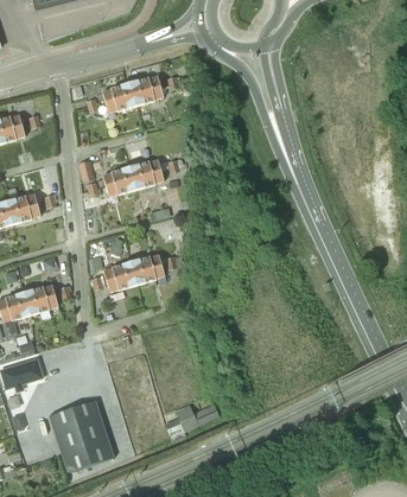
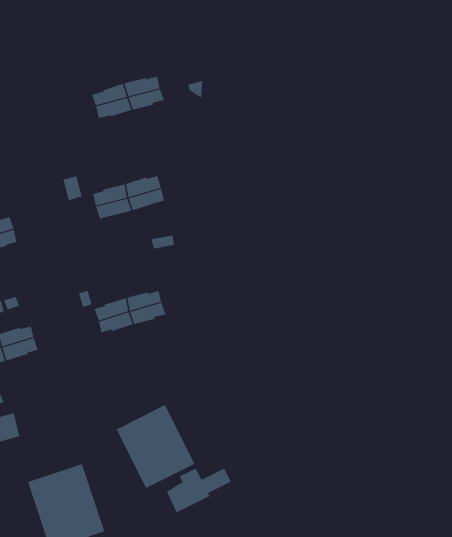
building: none -> [116,404,195,489]

